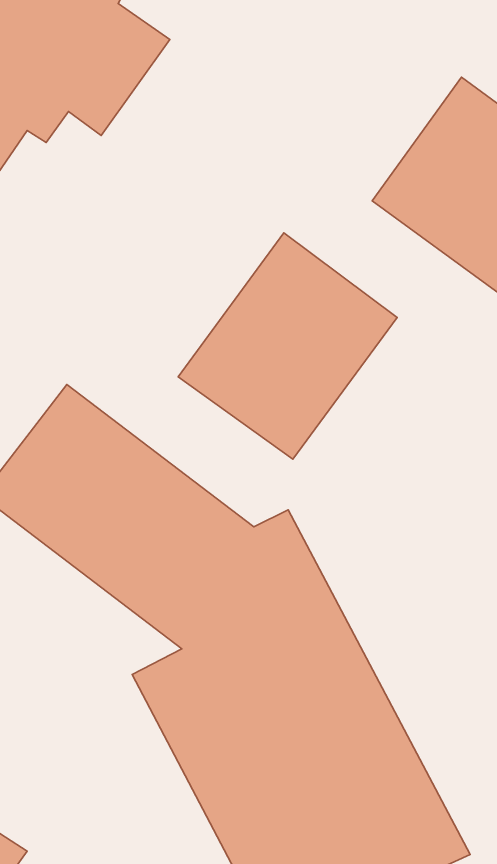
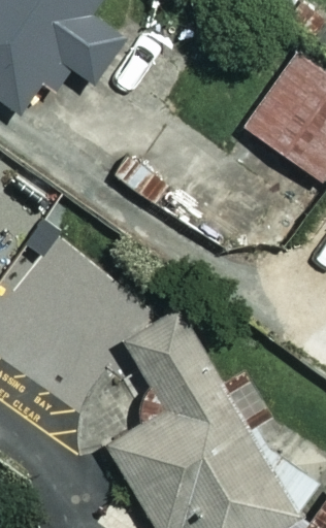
building: [178,233,397,459] -> none

